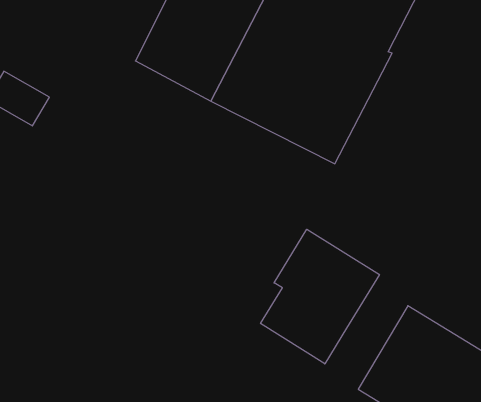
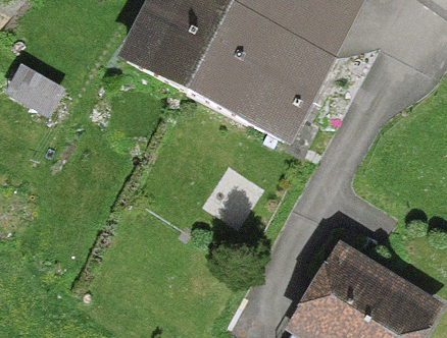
building: [261,229,379,364] -> none

